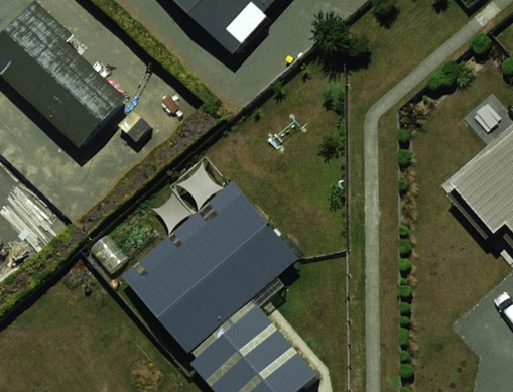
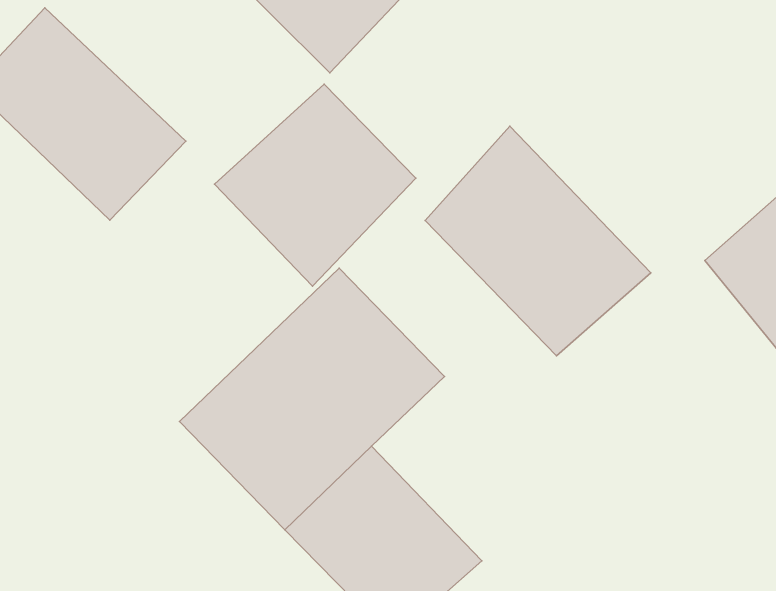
building: none -> [214,84,416,286]
building: none -> [425,126,651,356]

